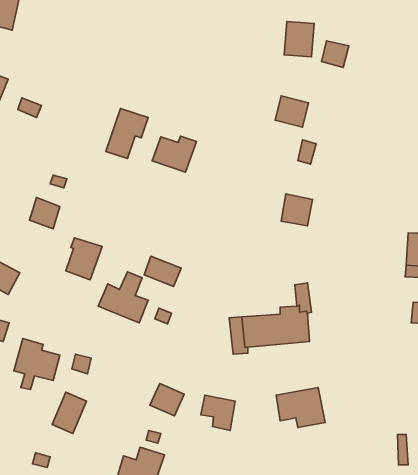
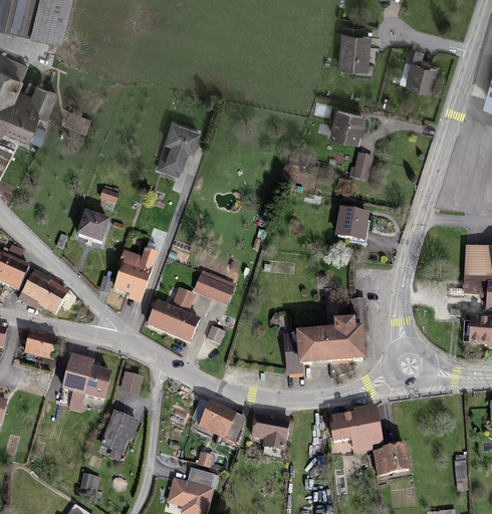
building: [322,41,349,67] -> [408,61,436,88]
building: [152,136,196,172] -> none
building: none -> [374,446,410,476]

